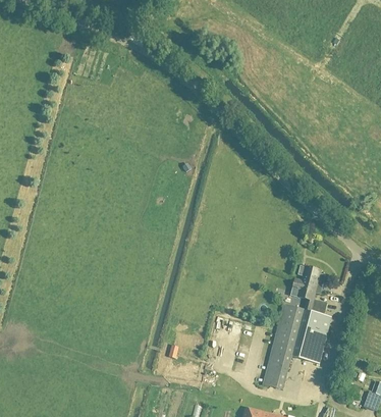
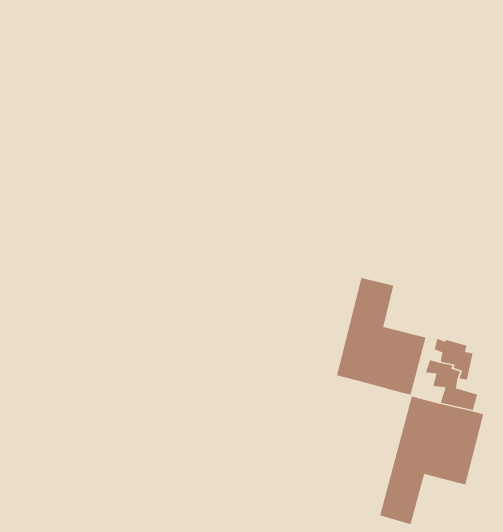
building: none -> [336,277,426,396]

